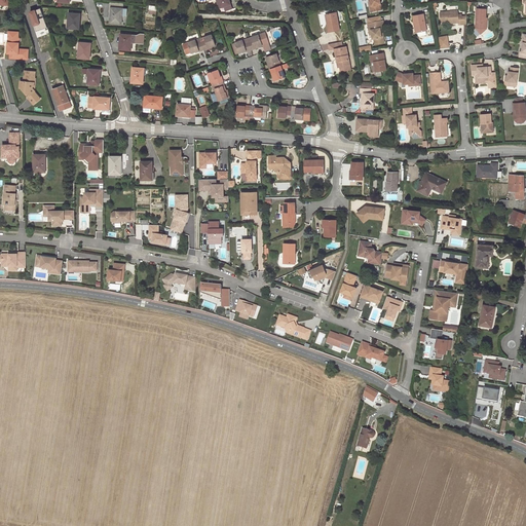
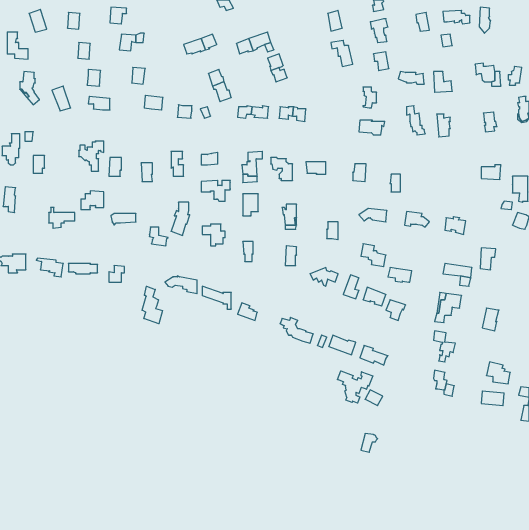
building: [416,173,446,195] -> none
building: none -> [142,286,163,324]
building: none -> [337,371,373,403]

